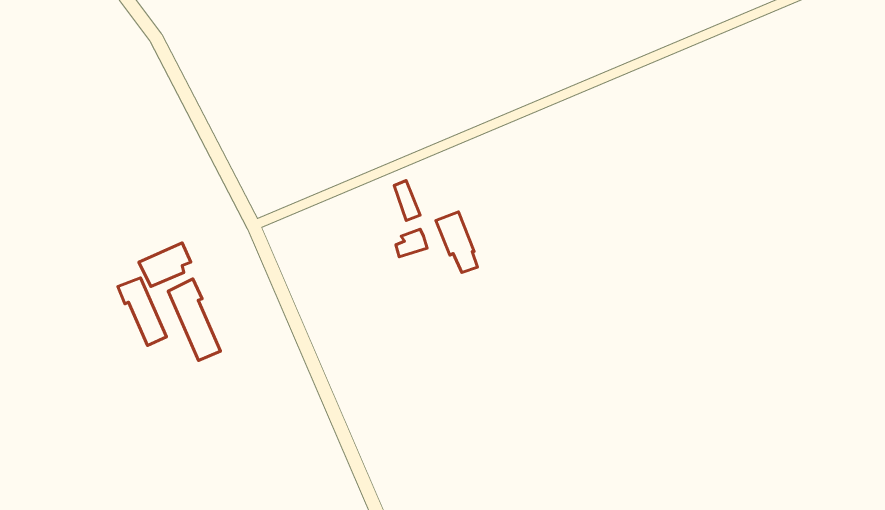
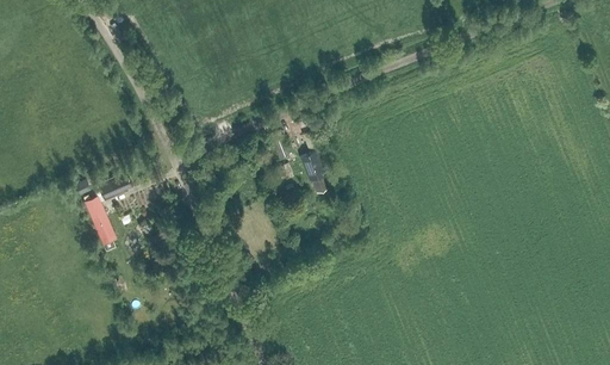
building: [168,279,220,360] -> none

